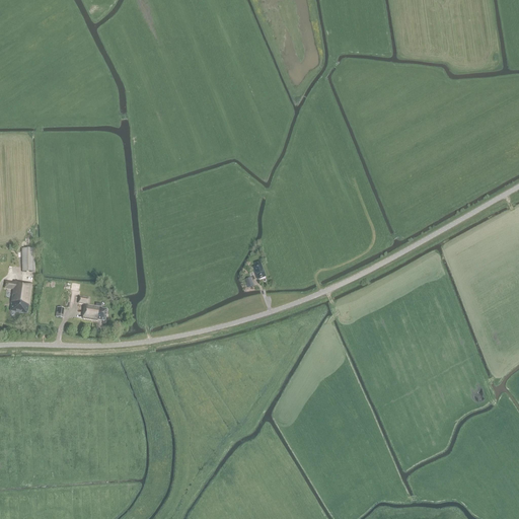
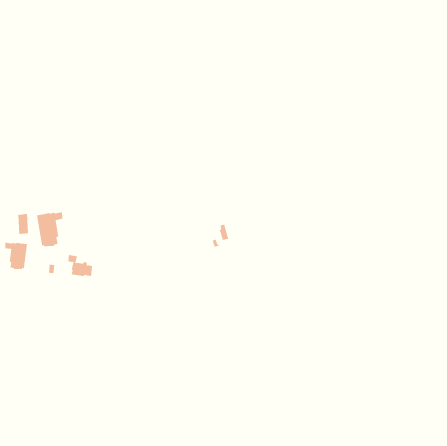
building: none -> [36,211,63,247]

